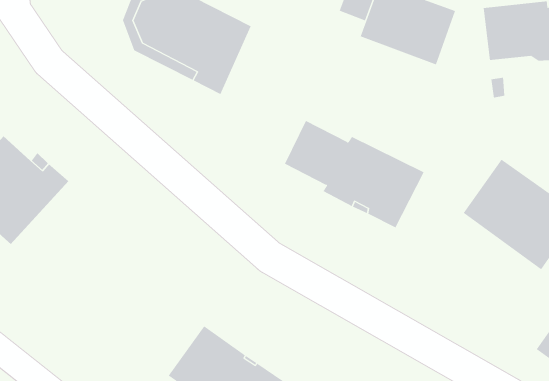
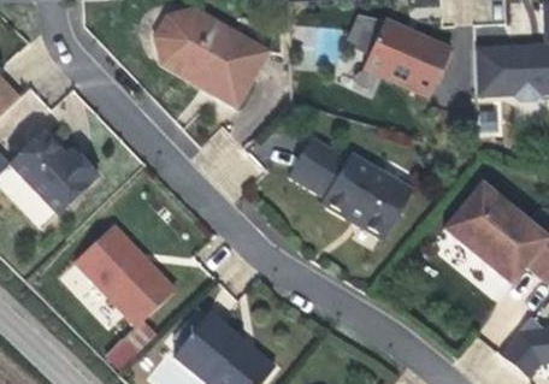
building: none -> [75,224,176,325]

